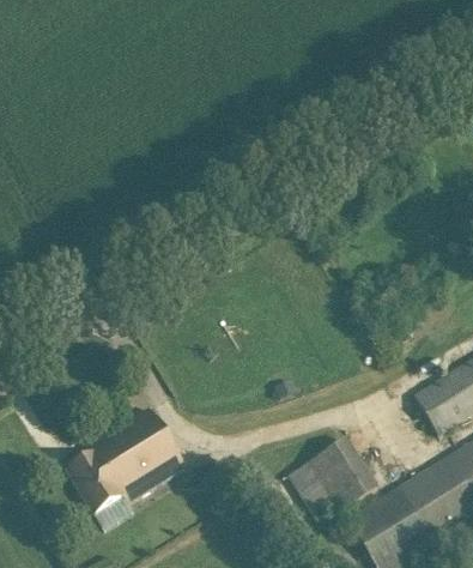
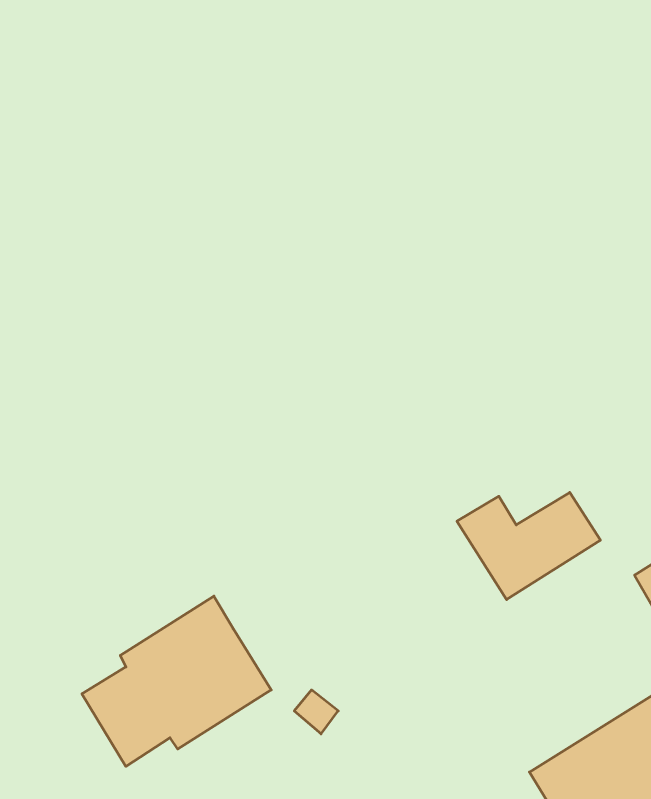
building: [291,454,381,521] -> [457,492,600,600]

